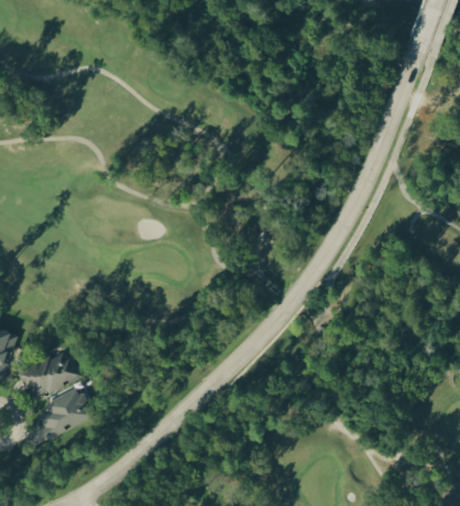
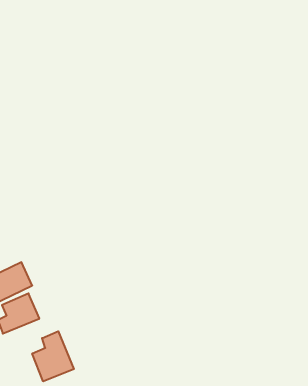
building: none -> [32,331,74,381]

